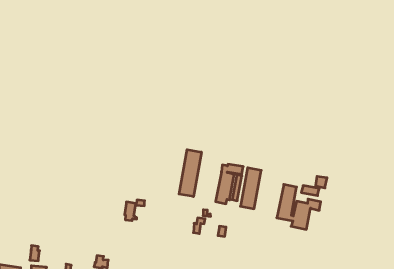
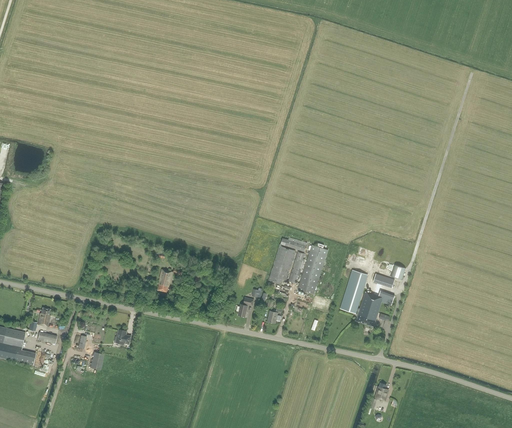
building: [179,150,201,197] -> none

